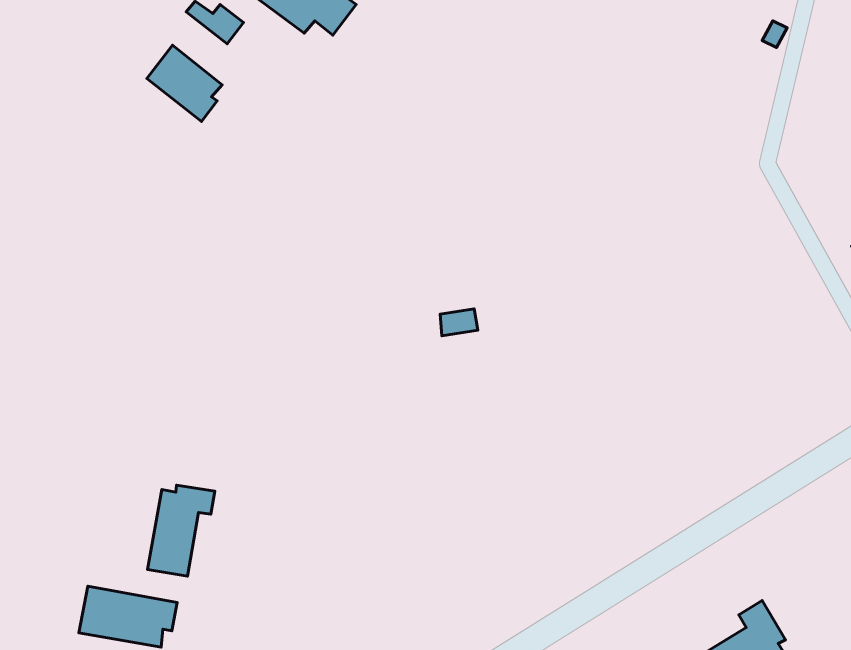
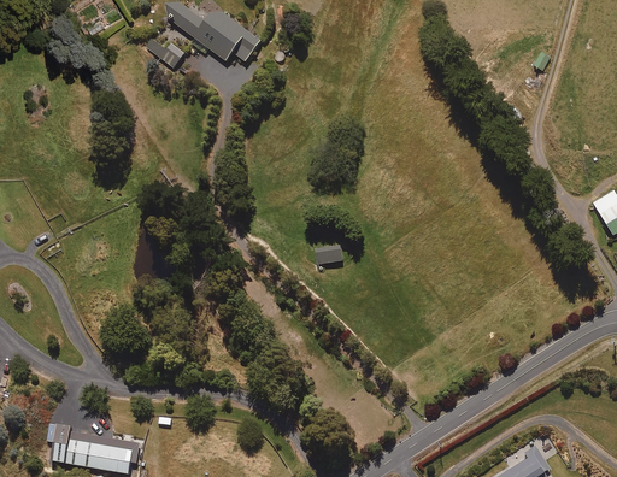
building: [147,45,222,121] -> none
building: [147,485,215,576] -> none

